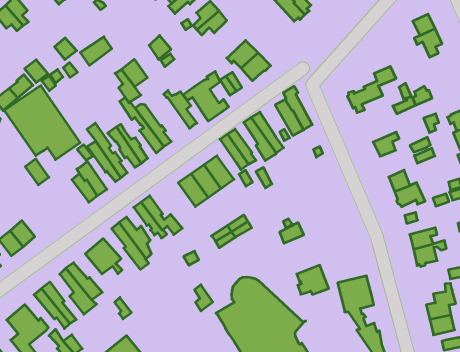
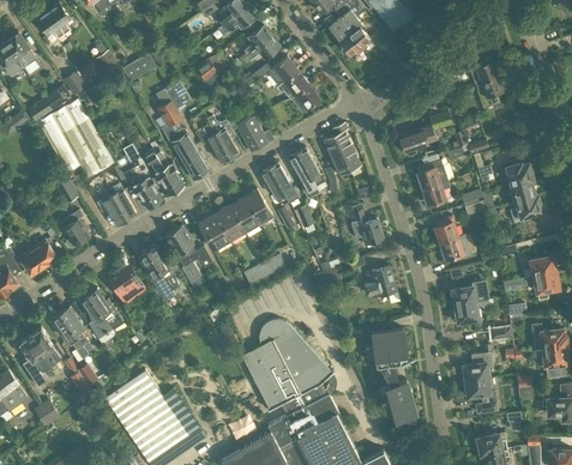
building: none -> [245,56,297,87]
building: none -> [194,123,230,163]
building: none -> [417,155,447,189]
building: none -> [347,207,386,249]
building: none -> [198,215,229,250]
building: none -> [62,211,90,249]
building: [297,265,329,294] -> [365,266,397,296]

